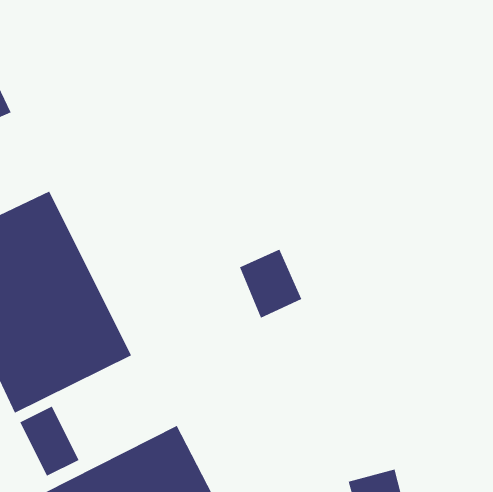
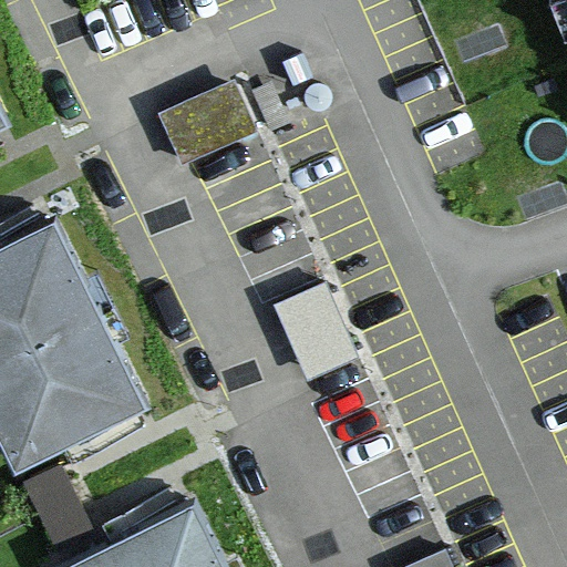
building: none -> [157,86,248,167]

